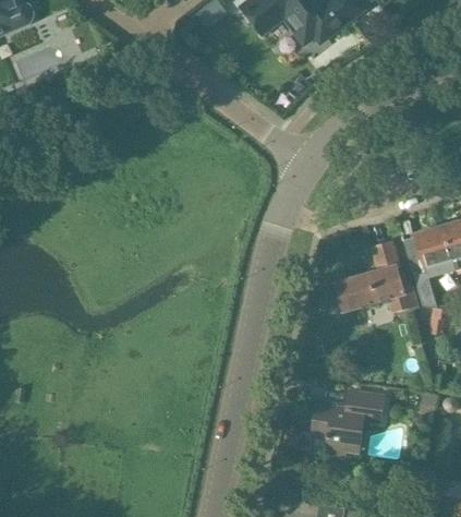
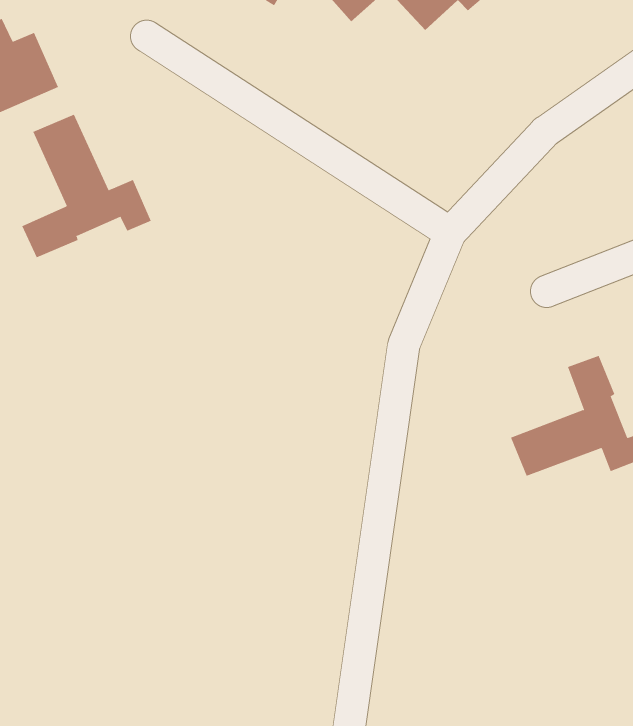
building: none -> [22,114,152,258]
building: [314,389,381,453] -> none

